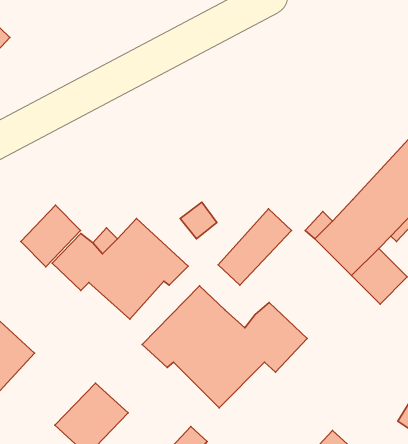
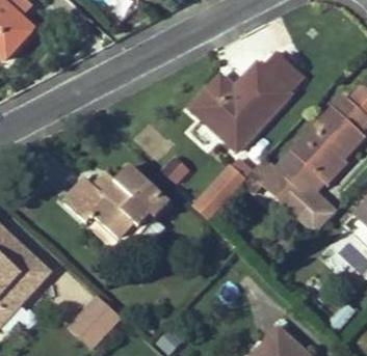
building: none -> [191,54,304,150]
building: [21,205,81,267] -> none
building: [142,286,307,408] -> none

